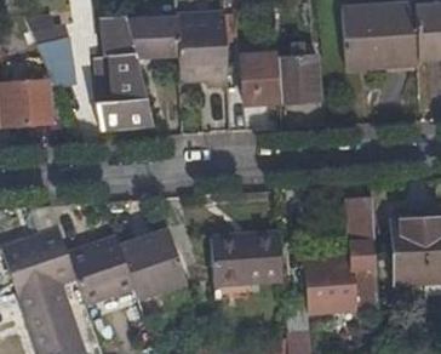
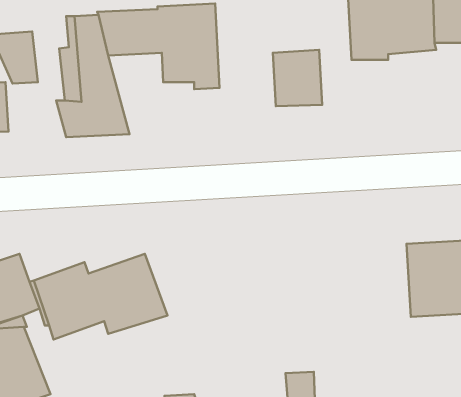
building: [244,50,280,104] -> none
building: [308,202,380,318] -> none
building: [210,233,281,285] -> none

